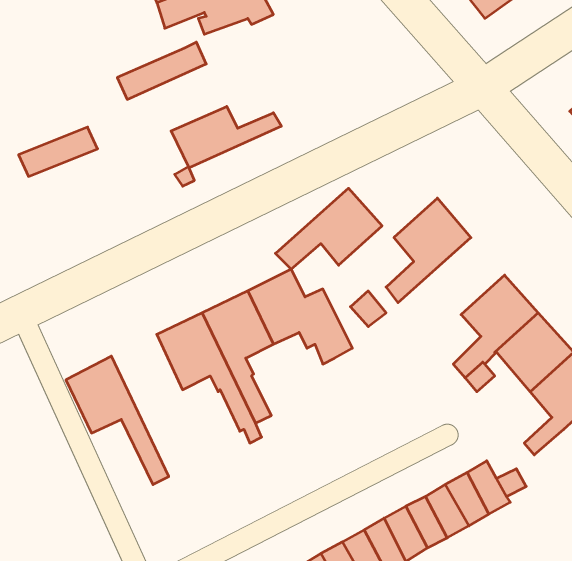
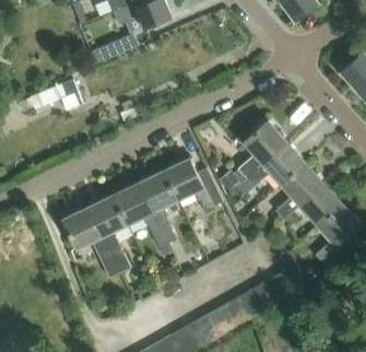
building: [171,106,281,168] -> none
building: [275,188,382,269] -> [246,141,305,186]
building: none -> [87,195,131,273]

